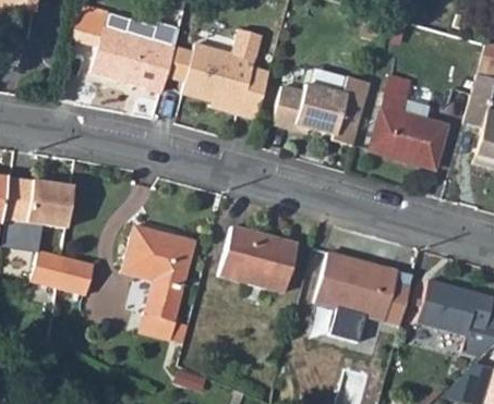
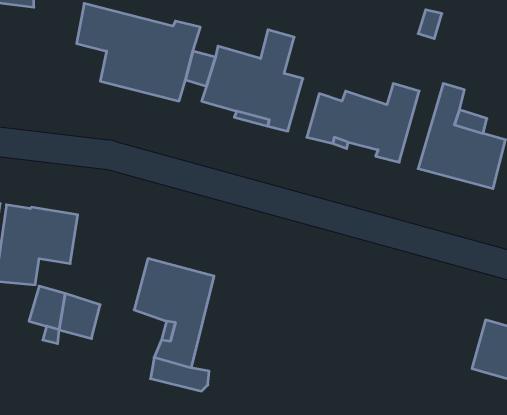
building: [220,228,298,294] -> none
building: [315,254,411,342] -> none

